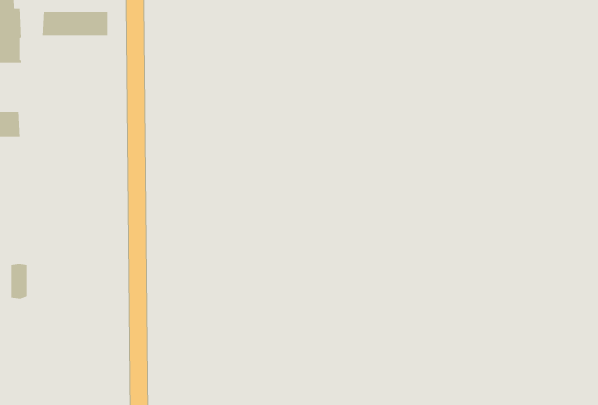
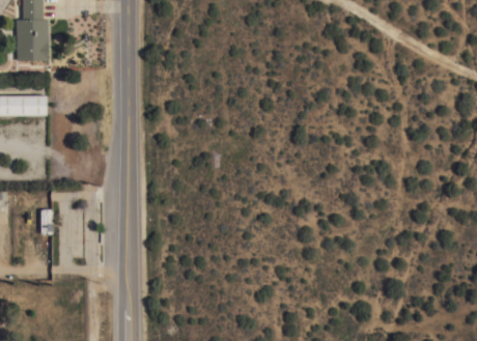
building: [42,11,108,36] -> none

